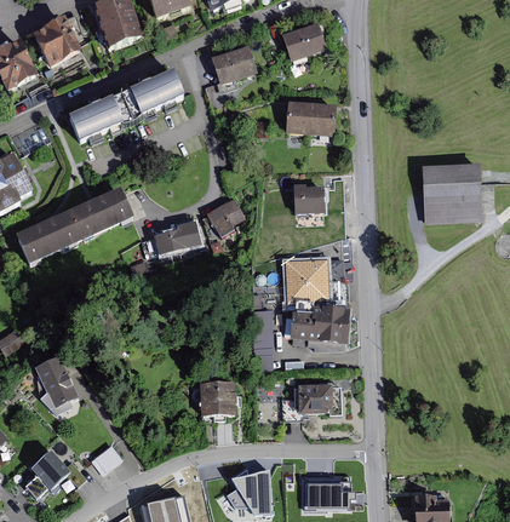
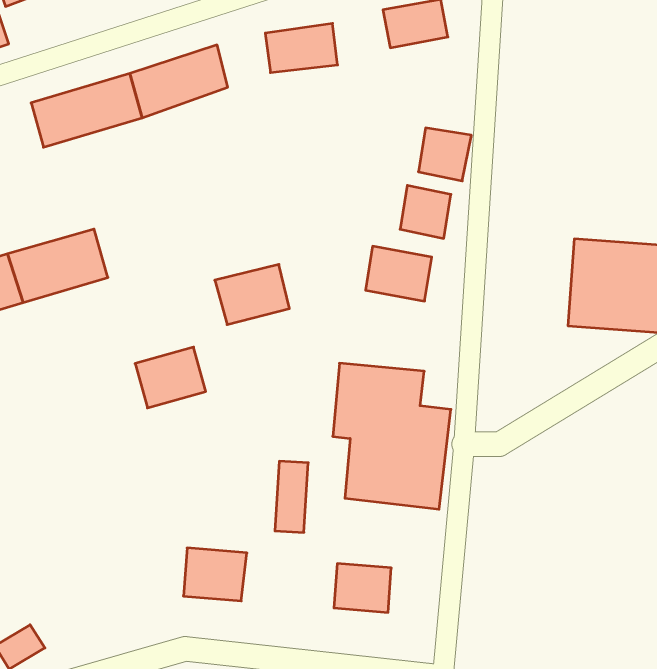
building: [286,103,315,133] -> [400,185,451,238]
building: [160,216,206,257] -> [135,347,206,408]

